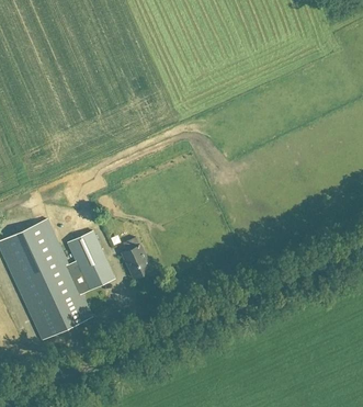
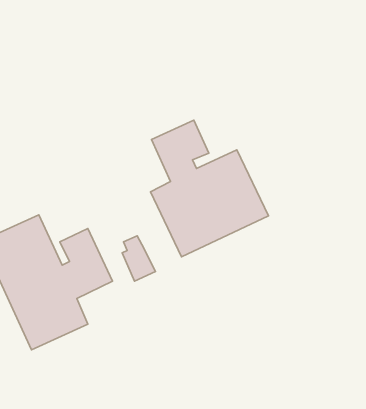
building: none -> [151,120,269,257]

